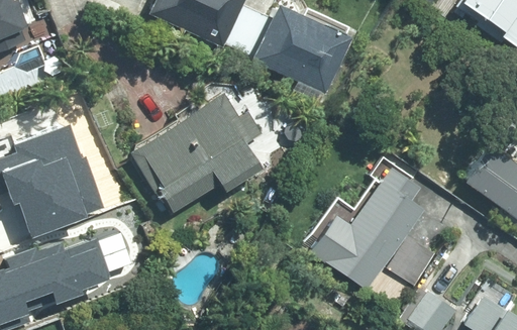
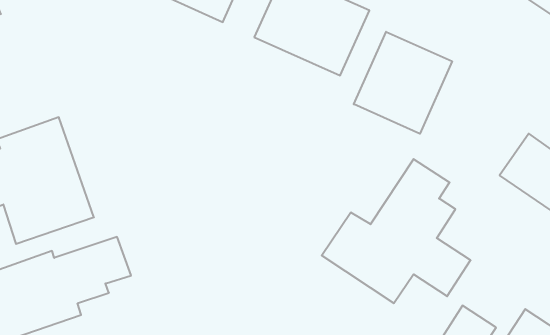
building: none -> [354,32,452,134]
building: [131,91,266,212] -> none

